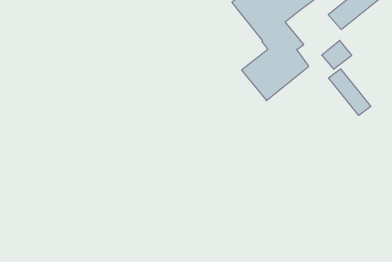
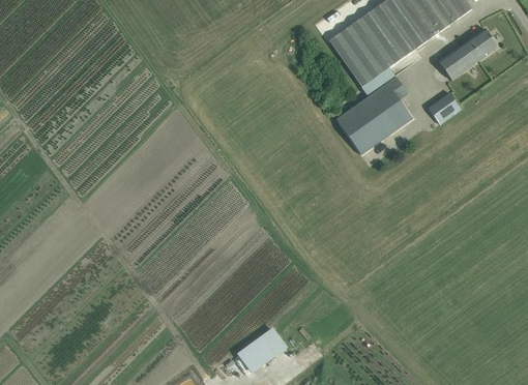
building: [328,69,371,115] -> none

